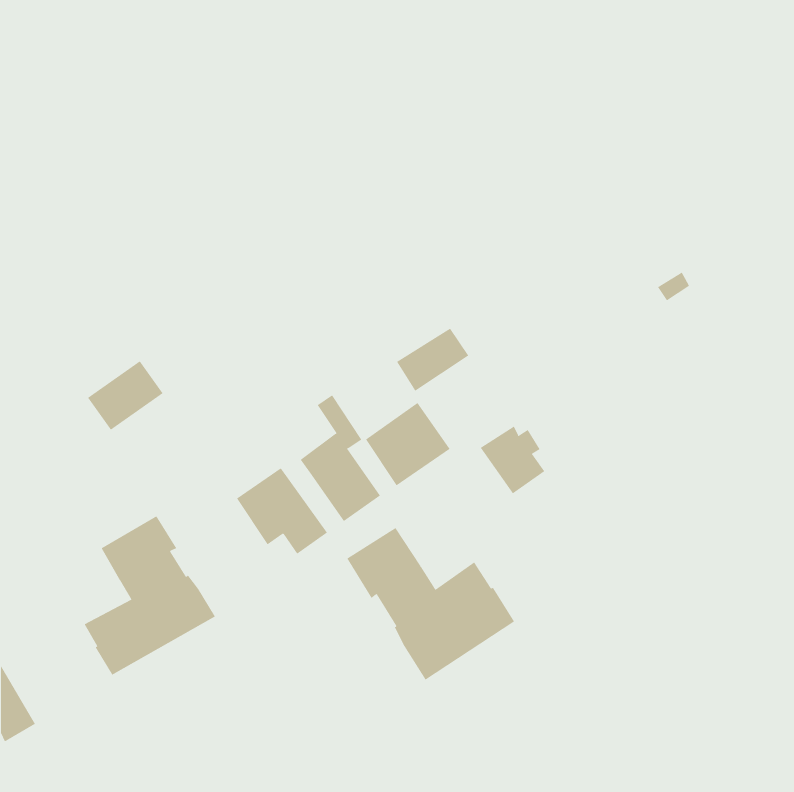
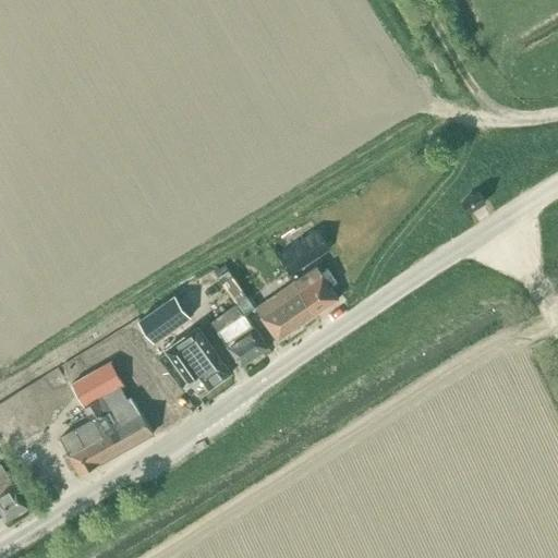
building: [87,360,163,430] -> [137,296,191,345]
building: [480,426,545,494] -> [293,268,339,316]
building: [347,527,515,681] -> none

